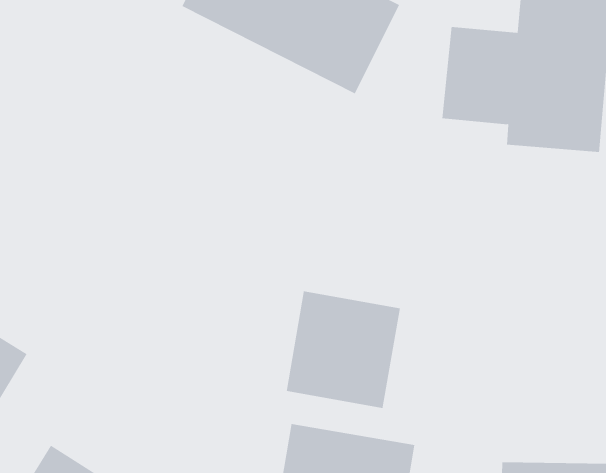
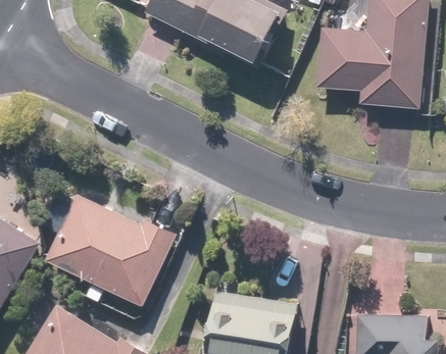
building: none -> [43,194,176,307]
building: [286,290,400,409] -> none

